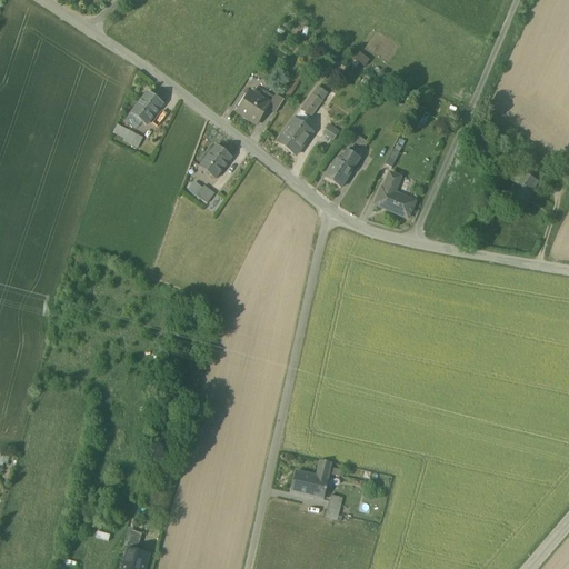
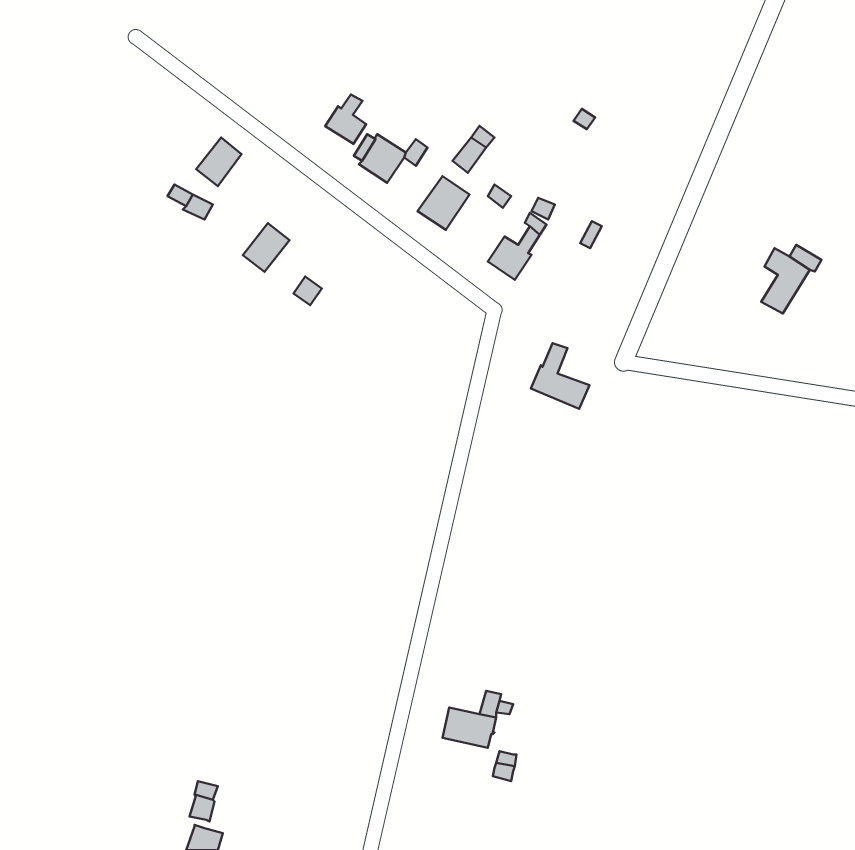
building: none -> [325,94,366,144]
building: [200,144,231,177] -> [243,223,290,272]
building: [377,171,416,214] -> [531,343,589,409]

